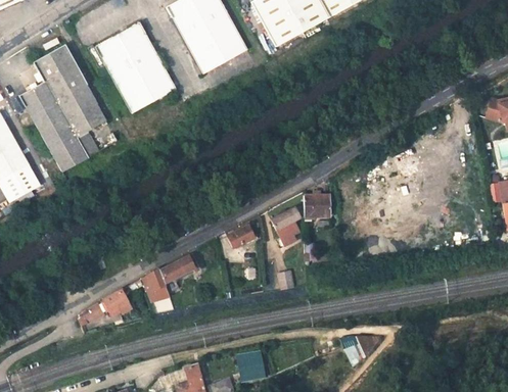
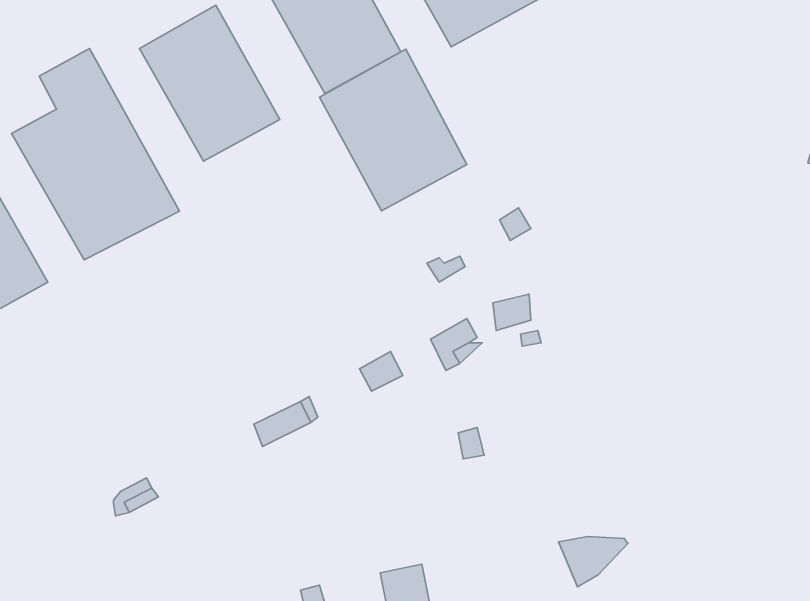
building: none -> [320,49,467,211]
building: [140,266,170,303] -> none
building: [103,287,131,312] -> none

